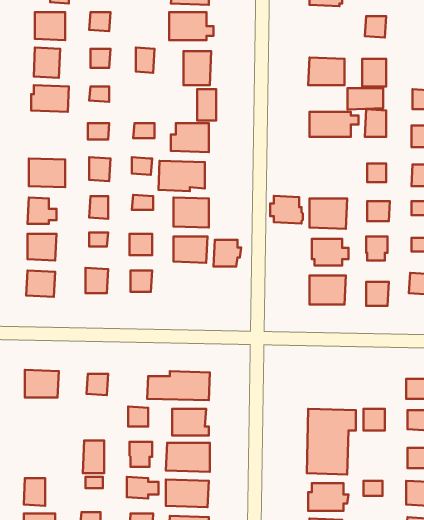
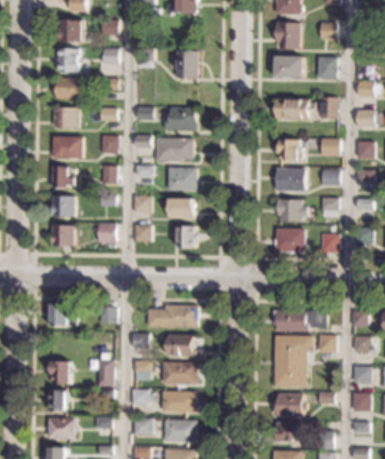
building: [169,12,213,40] -> none
building: none -> [276,22,300,49]
building: [348,88,383,110] -> none
building: [197,89,216,121] -> none
building: none -> [52,107,79,128]
building: [270,196,303,224] -> [276,139,302,161]
building: [214,240,241,266] -> [176,227,198,248]
building: none -> [272,310,327,332]
building: none -> [50,361,70,385]

